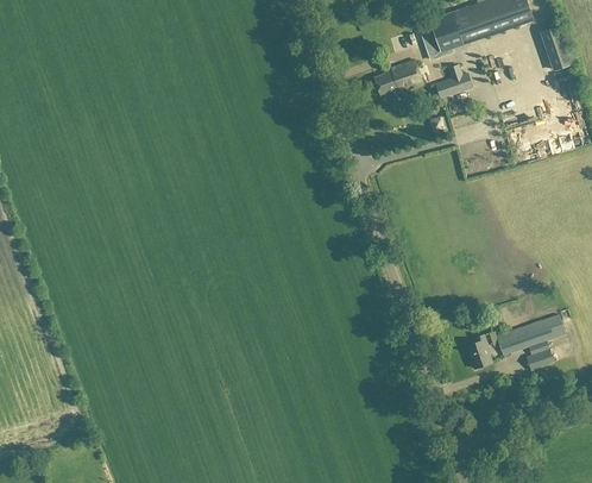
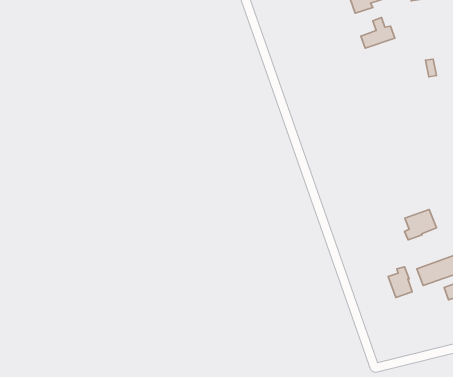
building: [374,58,424,94] -> none
building: none -> [405,209,437,240]

